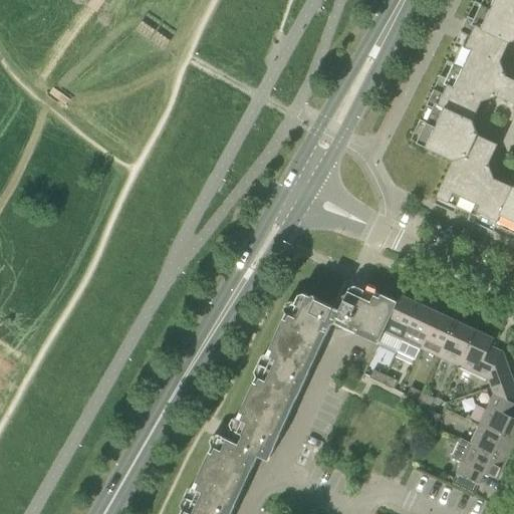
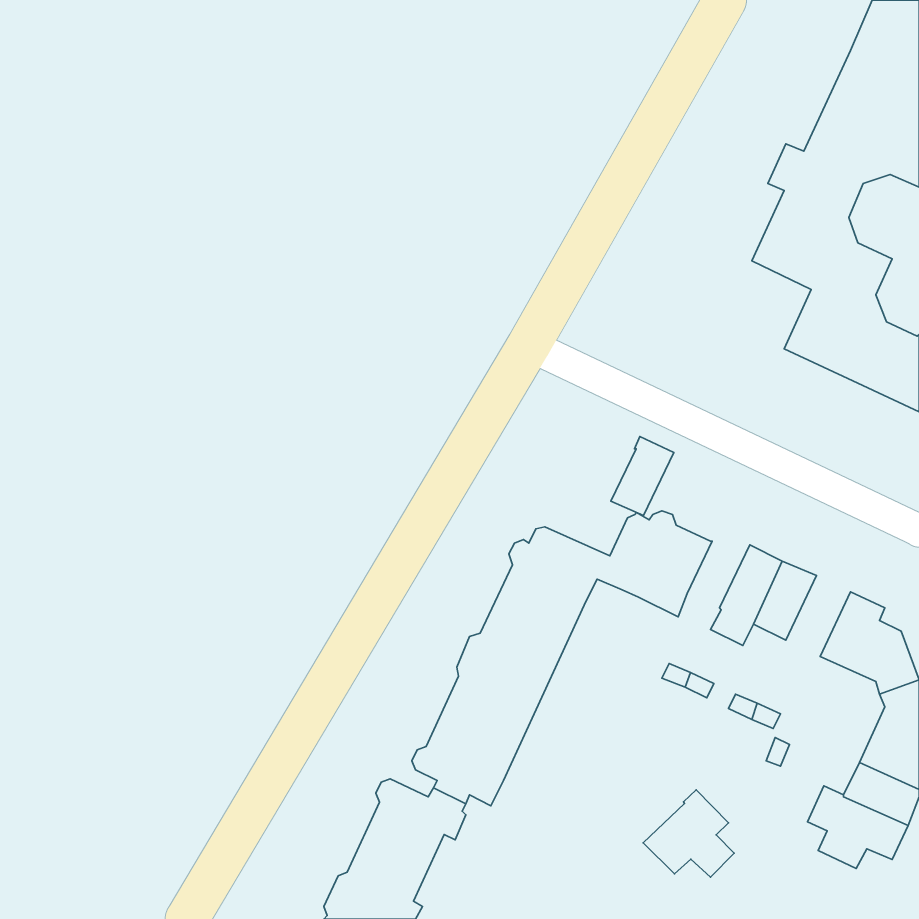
building: [383,295,419,339] -> [611,436,674,516]
building: [439,321,475,366] -> none
building: none -> [643,790,734,877]

